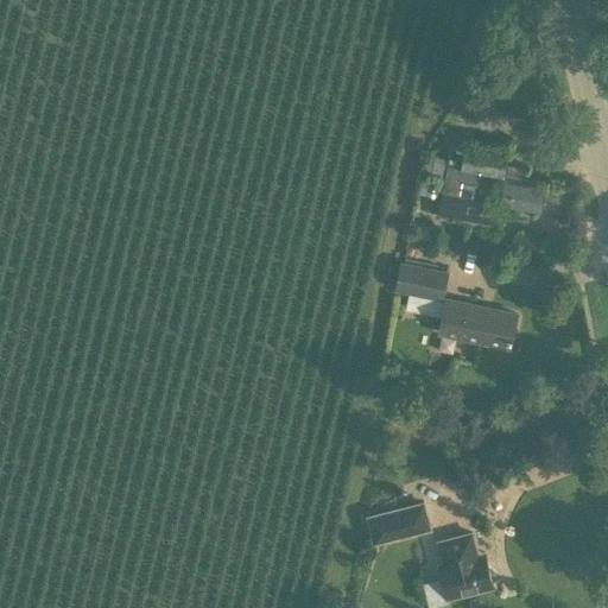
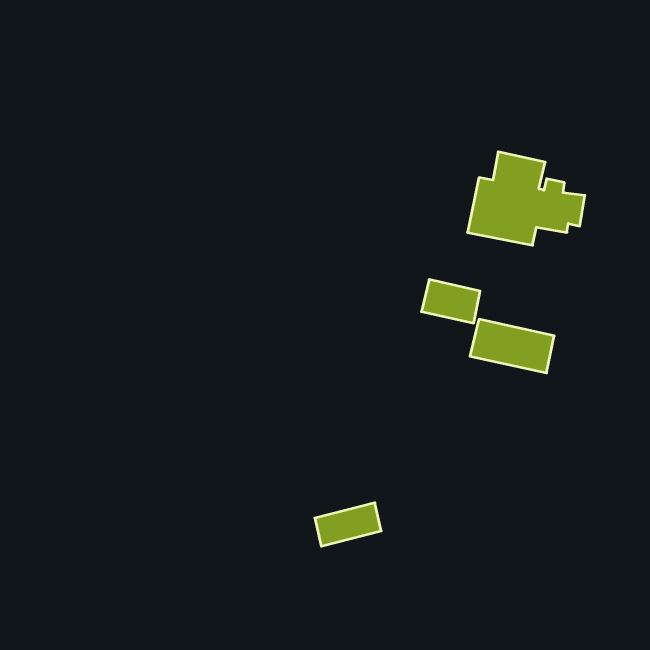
building: [367,505,429,545] -> [315,503,381,546]
building: [437,534,494,600] -> none

